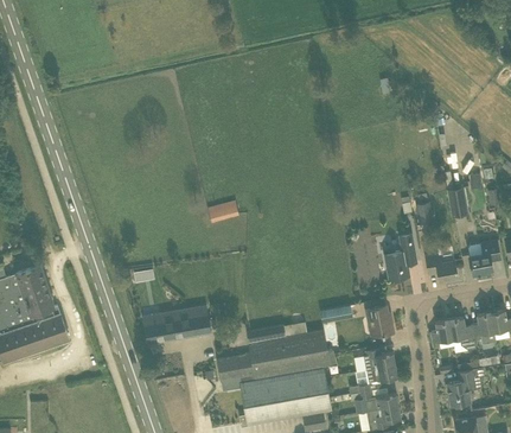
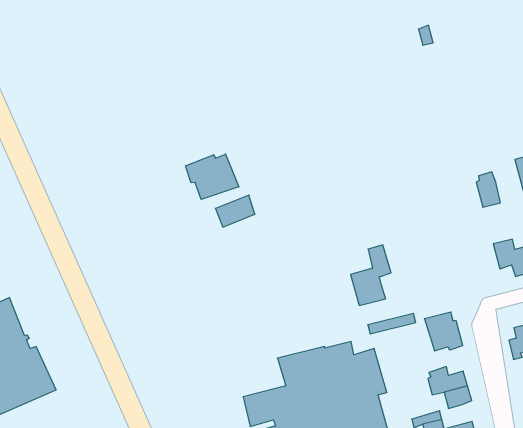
building: none -> [185,154,239,199]
building: [384,233,416,279] -> [351,245,391,305]
building: [143,306,211,343] -> none

